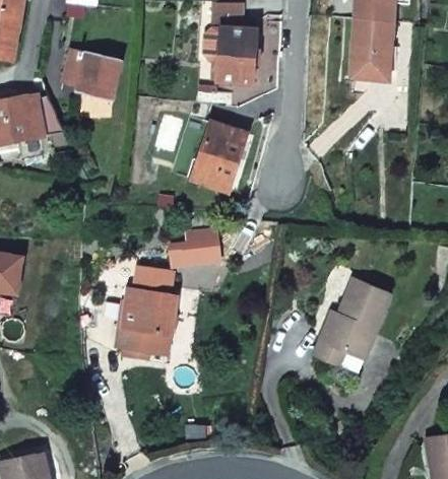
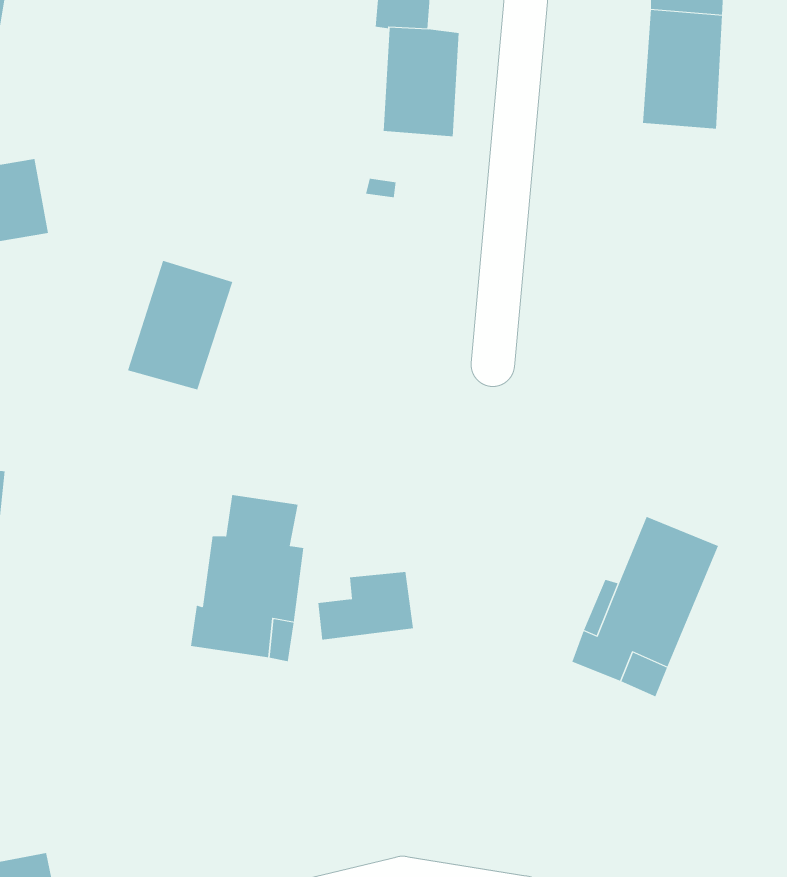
building: [62,49,121,97] -> none
building: [192,122,247,189] -> [127,260,233,390]
building: [170,230,219,266] -> [318,571,414,640]

